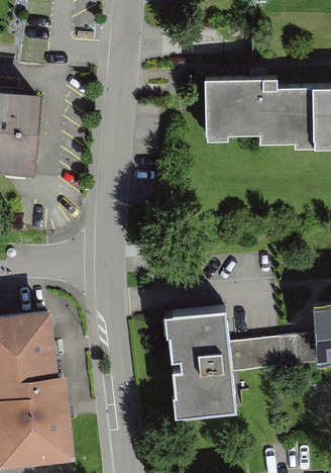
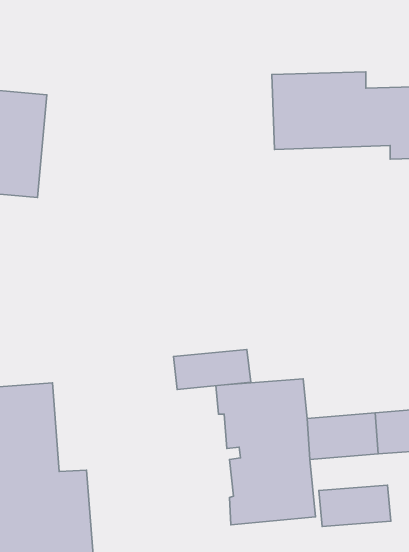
building: none -> [174,349,251,389]
building: none -> [319,485,391,527]

